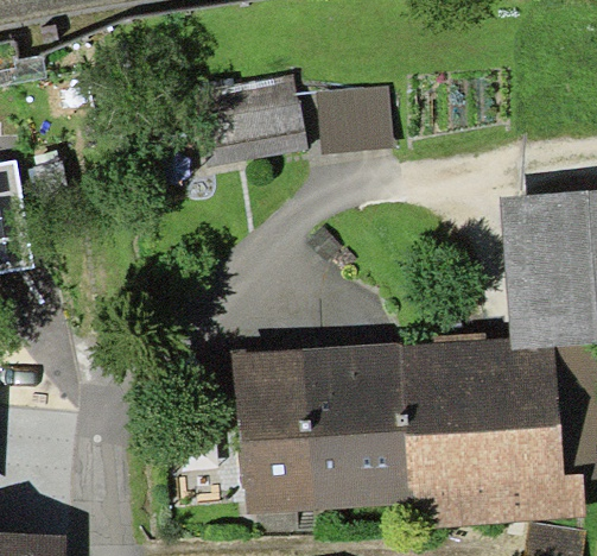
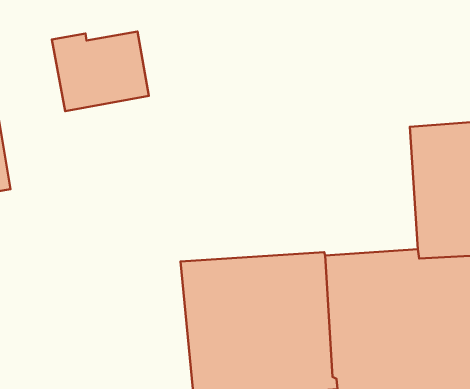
building: [196,76,309,169] -> [52,31,149,111]
building: [318,89,394,154] -> none

